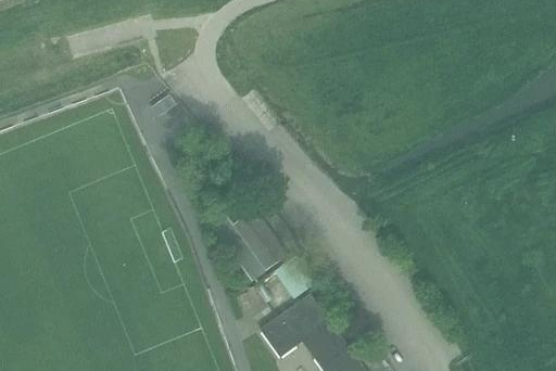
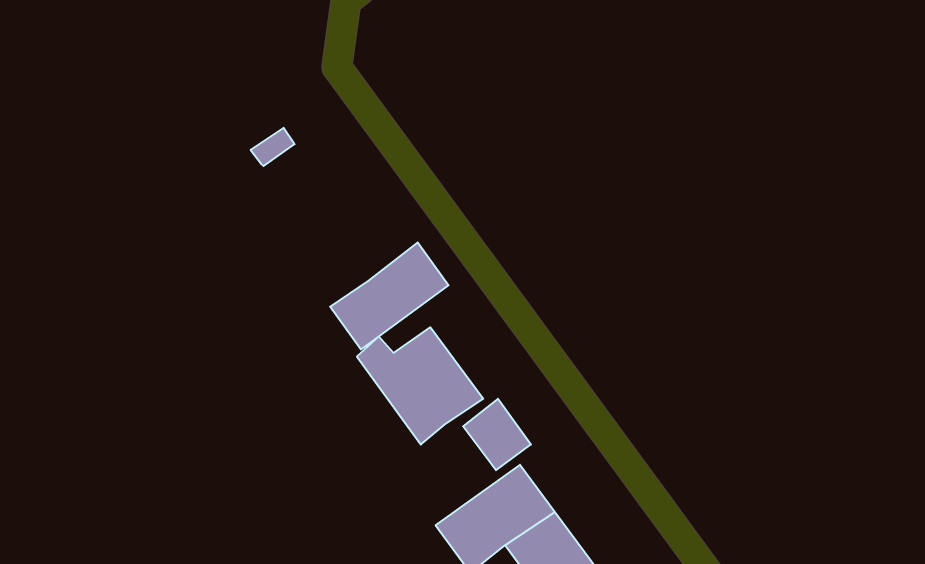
building: none -> [330,242,449,350]

